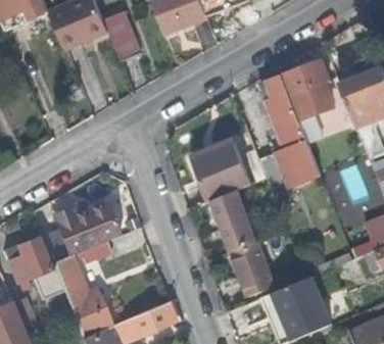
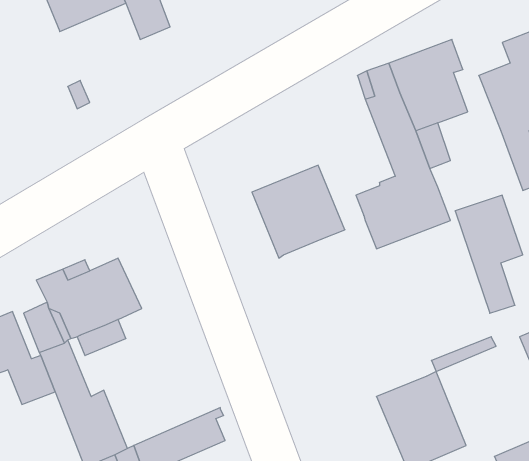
building: [212,190,275,296] -> none

